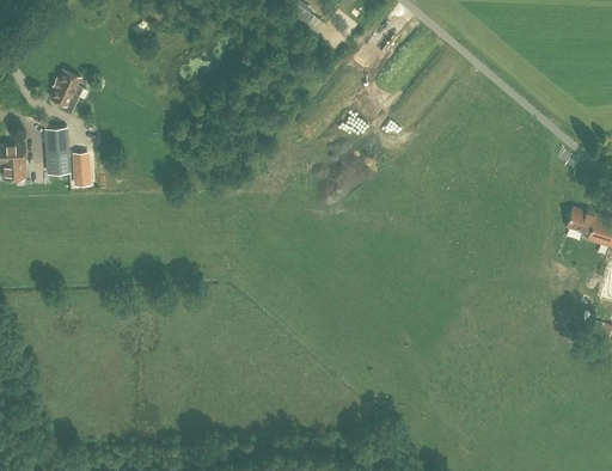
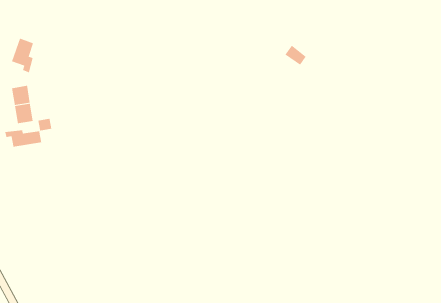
building: none -> [4,129,42,148]

